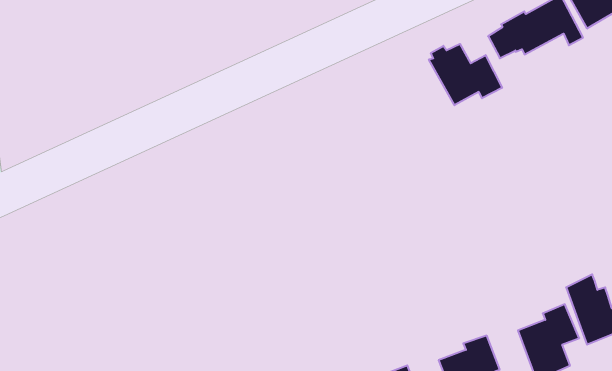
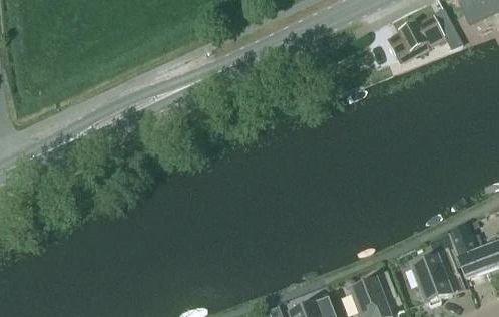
building: [429,44,502,105] -> none

